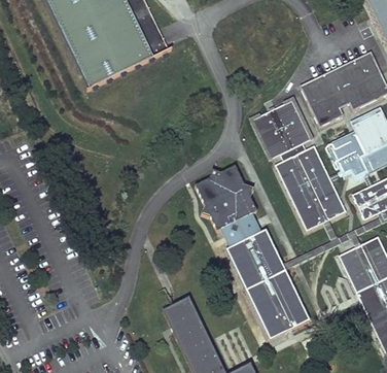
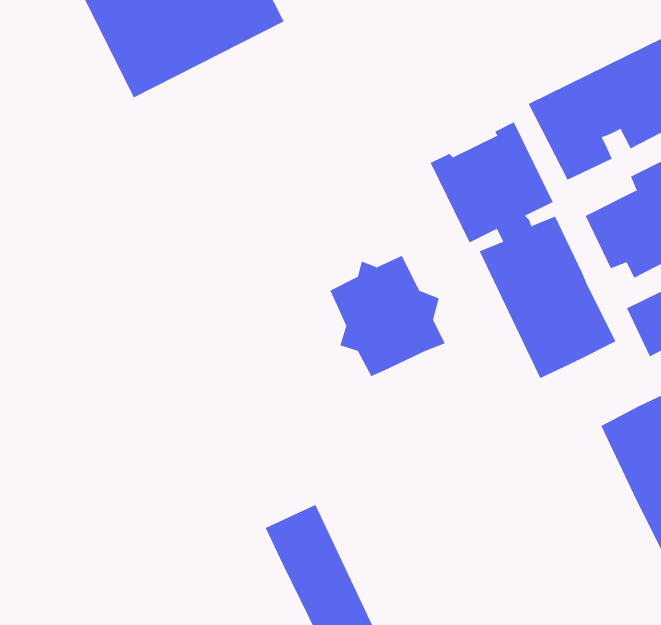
building: [224,217,309,341] -> none

